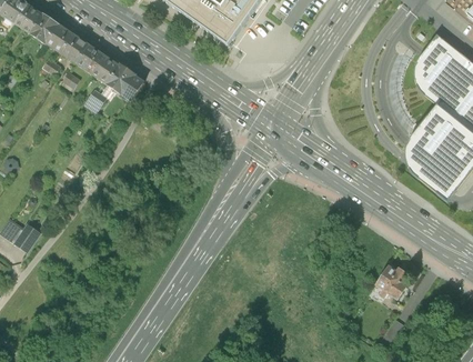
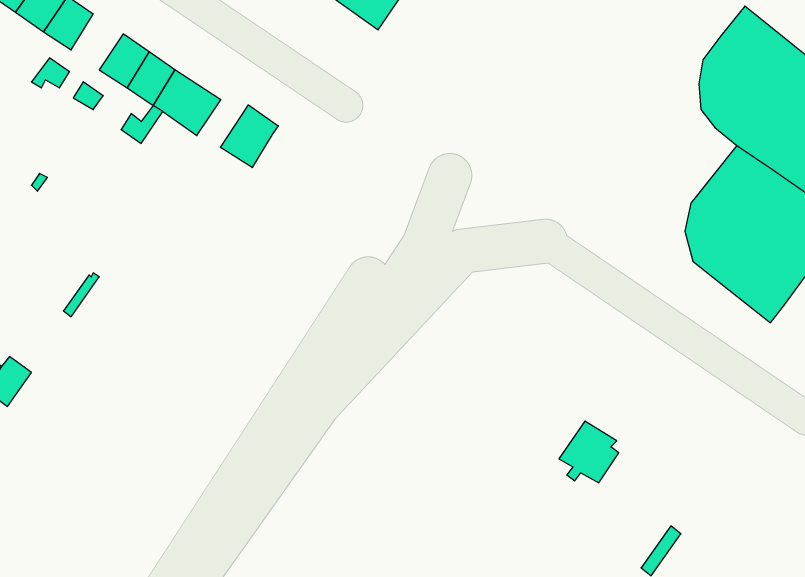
building: [62,34,91,66] -> none
building: none -> [221,105,278,168]
building: [375,263,409,298] -> [559,421,619,483]

